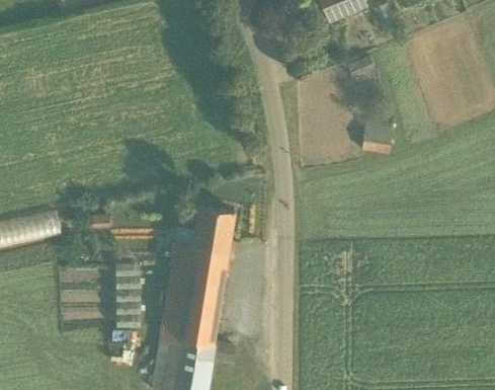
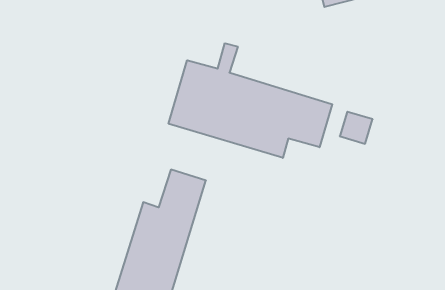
building: none -> [169,43,332,158]

